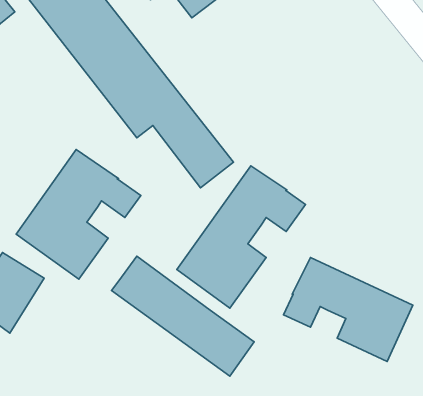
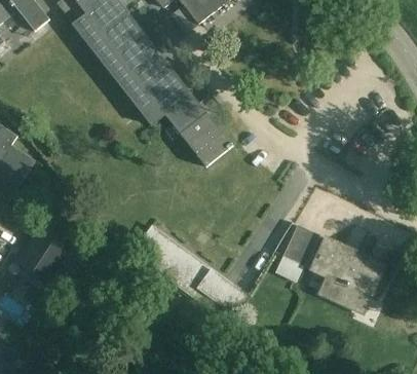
building: [16,150,141,279] -> none
building: [177,166,306,308] -> none

